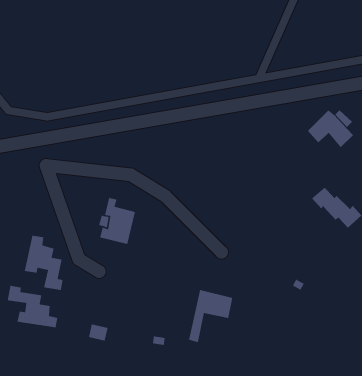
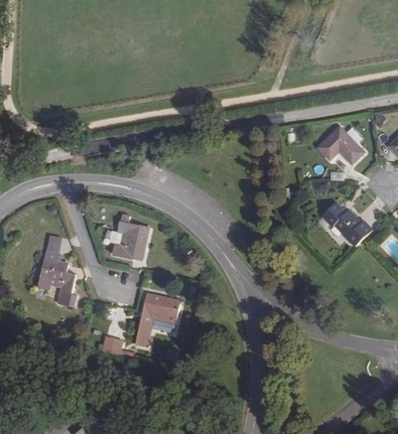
building: [7,285,58,328] -> none
building: [188,289,233,343] -> [135,293,179,346]

